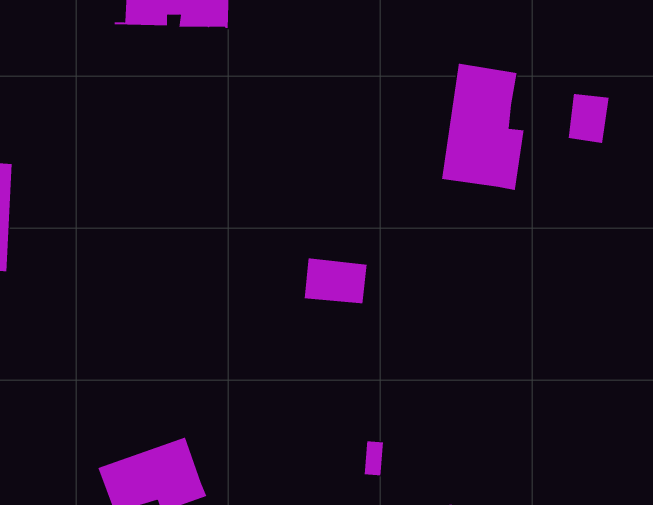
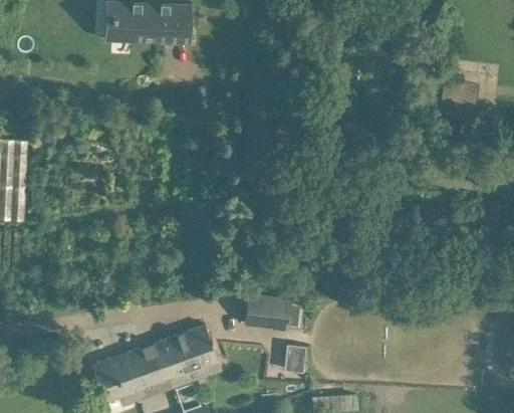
building: [441,63,524,191] -> none
building: [304,258,367,304] -> [243,294,290,329]
building: none -> [156,327,211,387]

